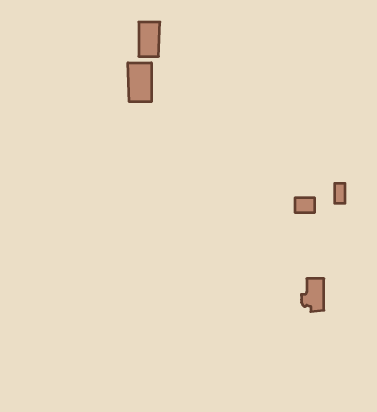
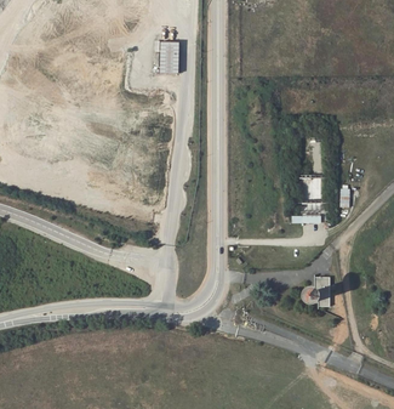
building: [128,63,151,102] -> none

